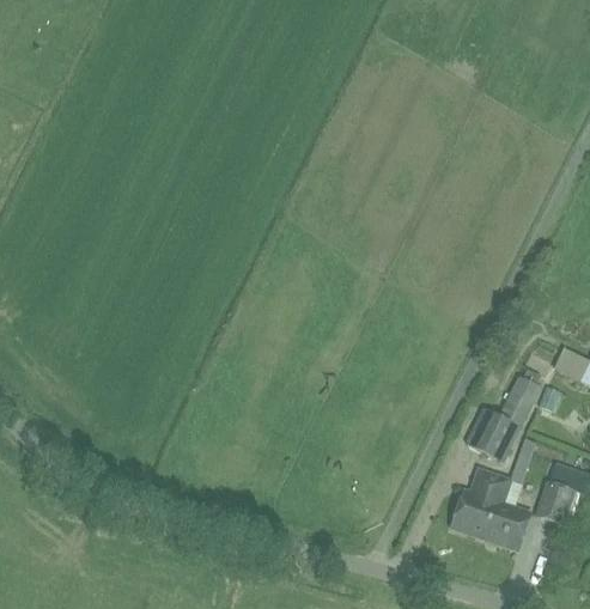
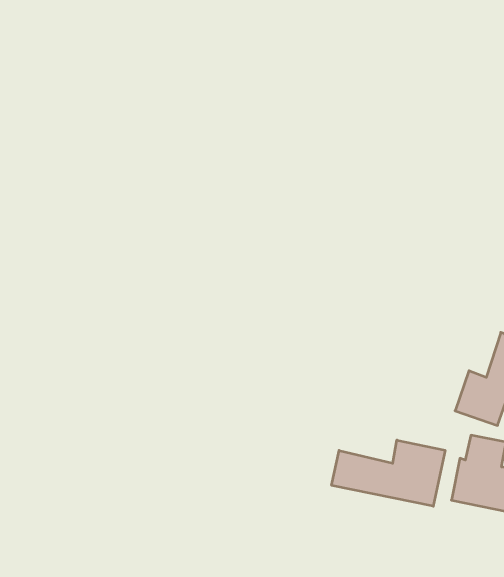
building: none -> [332,440,445,506]

